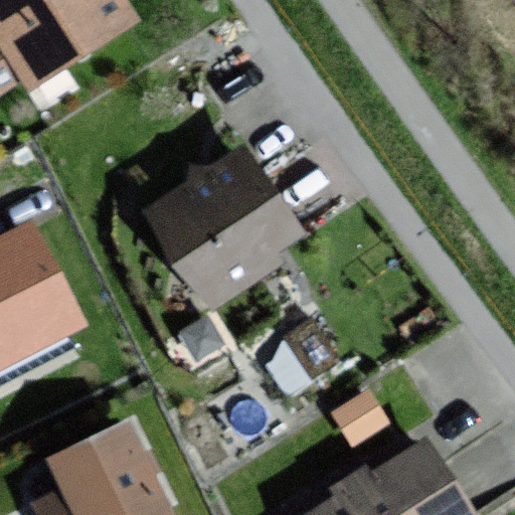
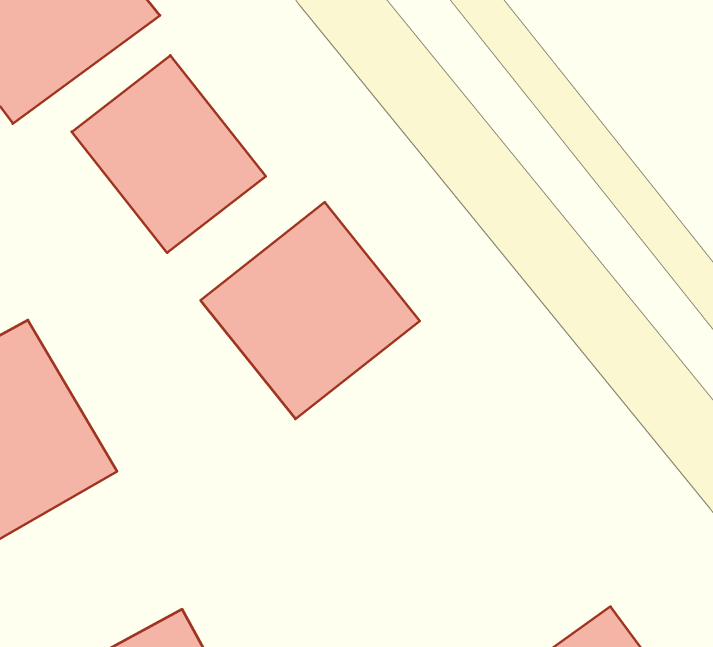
building: none -> [72,55,266,253]

